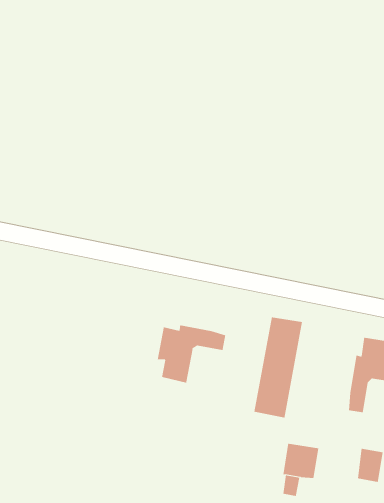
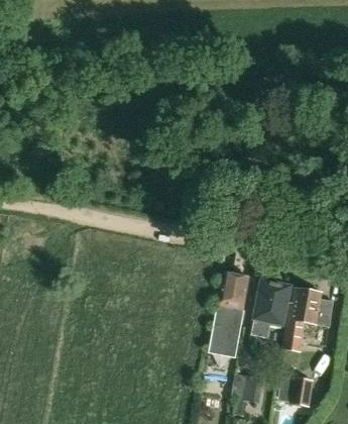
building: [157,325,226,383] -> none
building: none -> [253,281,292,337]

